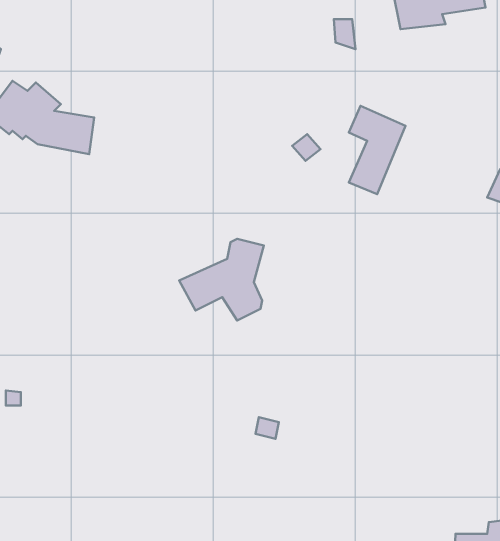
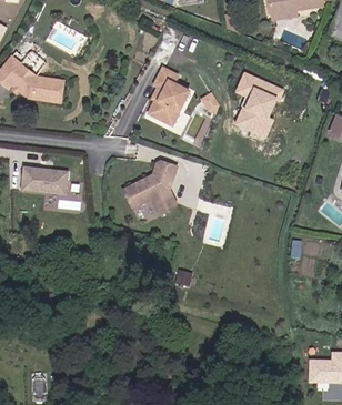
building: none -> [148,68,190,126]
building: none -> [17,163,67,195]

